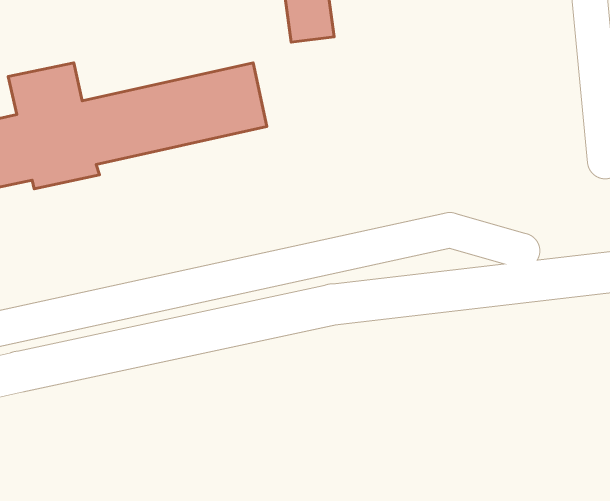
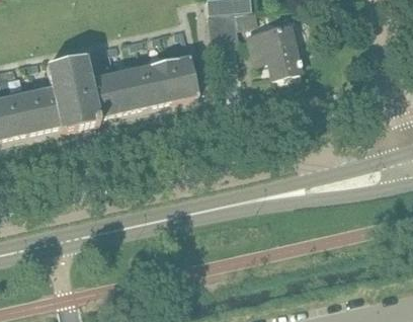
building: none -> [249,27,302,78]

